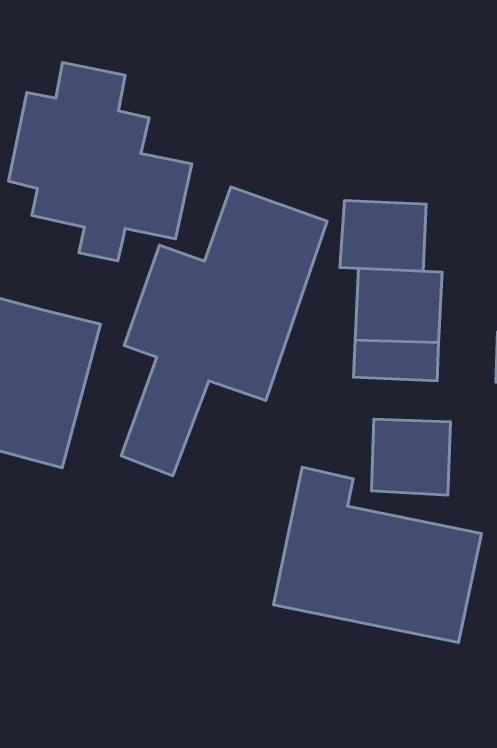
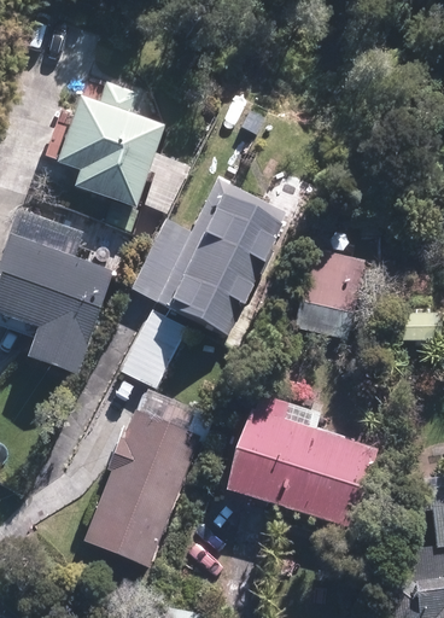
building: [340,200,426,271] -> none
building: [372,419,451,495] -> none
building: none -> [82,407,201,567]

